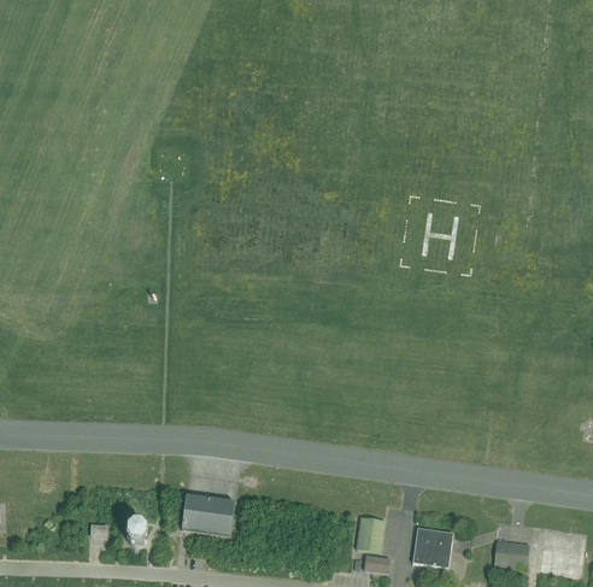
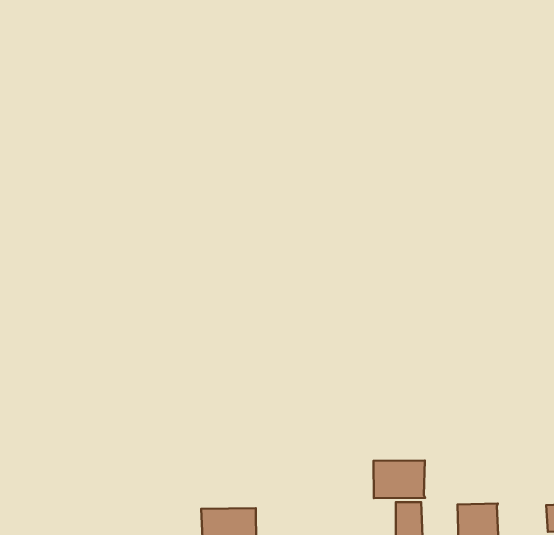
building: none -> [374,460,425,498]

